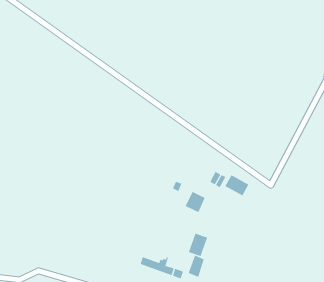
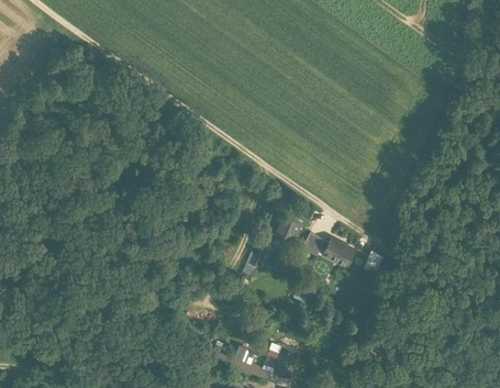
building: [185,191,205,213] -> [274,215,301,244]
building: [188,233,208,257] -> none

